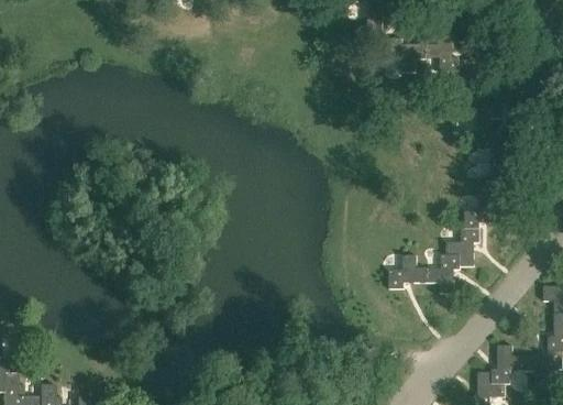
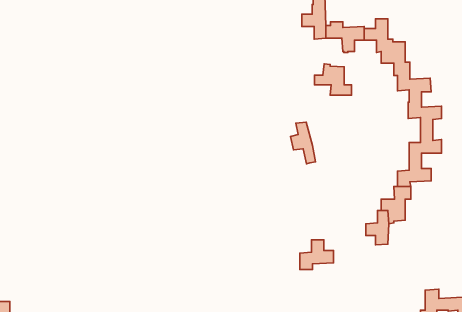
building: none -> [315,64,351,95]
building: none -> [290,122,315,164]
building: [389,254,428,288] -> [300,240,333,270]

